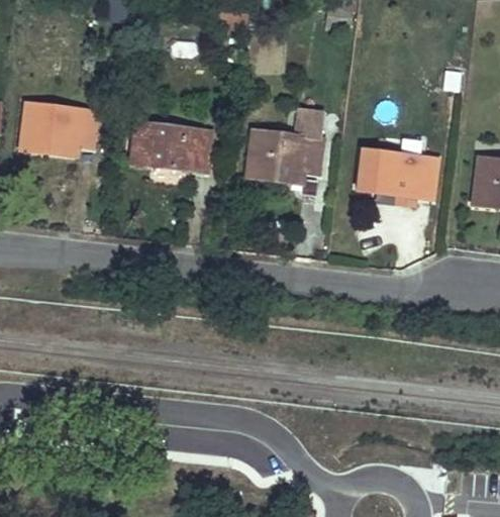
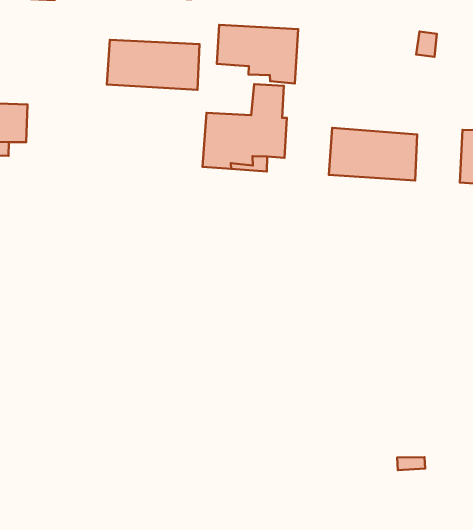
building: none -> [217,25,298,84]
building: [130,124,214,173] -> [107,40,199,90]

